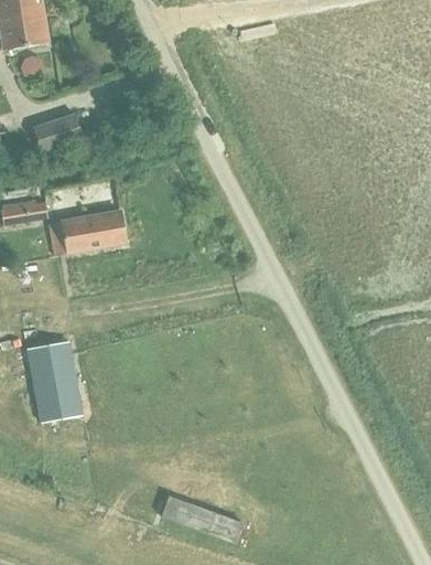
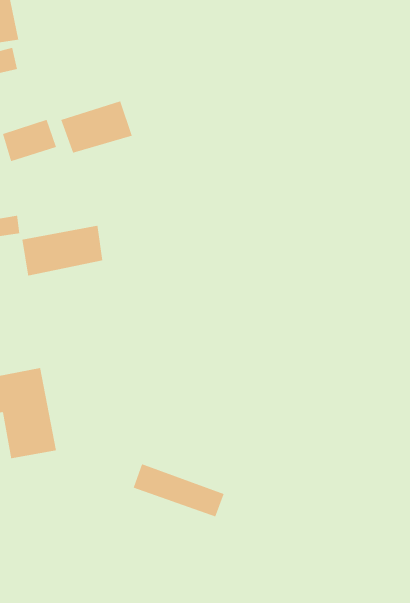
building: none -> [61,101,132,154]
building: [159,495,241,544] -> [133,463,224,517]

